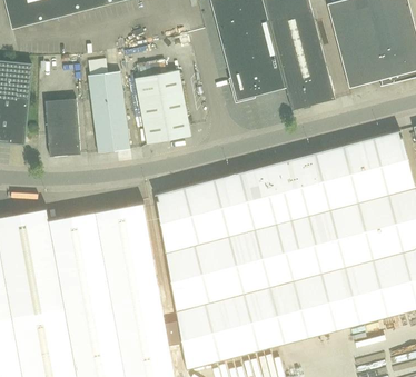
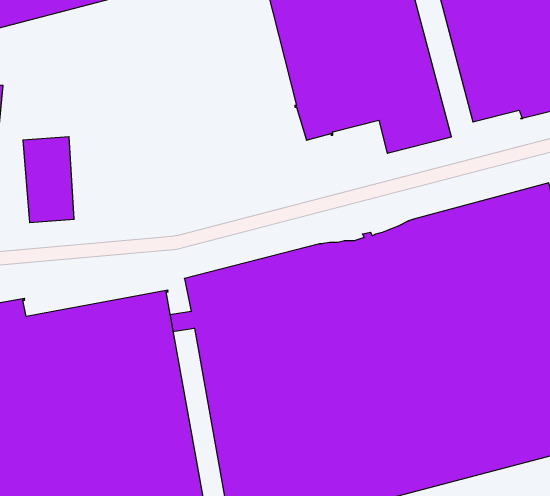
building: [135,68,191,142] -> none
building: [88,70,130,152] -> none

